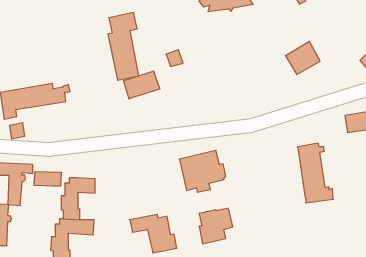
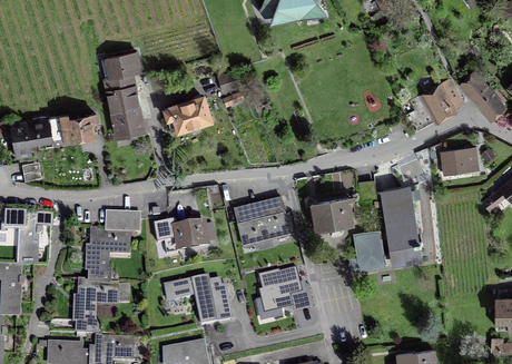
building: [108,13,139,80] -> [104,51,142,136]
building: [285,41,320,74] -> [419,78,462,119]
building: none -> [309,197,353,229]
building: [34,172,62,186] -> [105,214,139,232]
building: none -> [164,224,213,254]
building: none -> [354,230,392,268]

